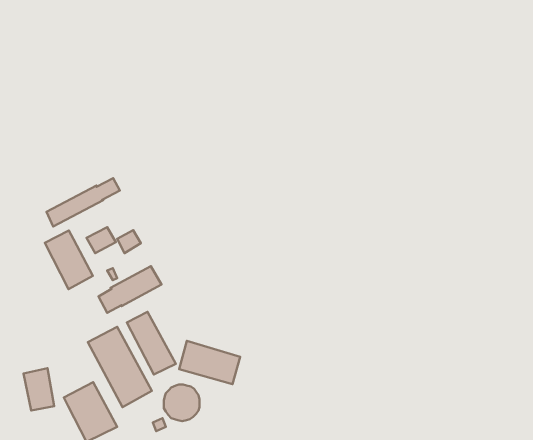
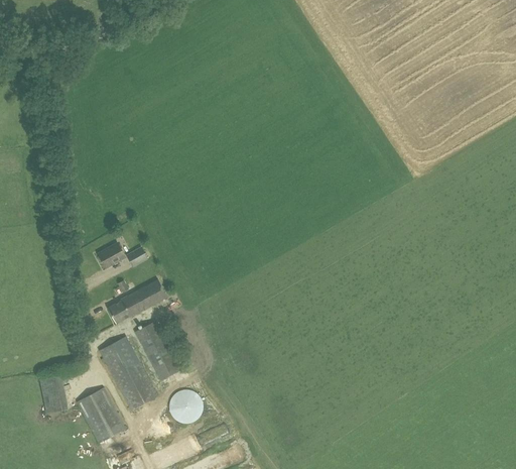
building: [46,178,120,227] -> none
building: [45,230,93,289] -> none
building: [179,341,240,384] -> none

